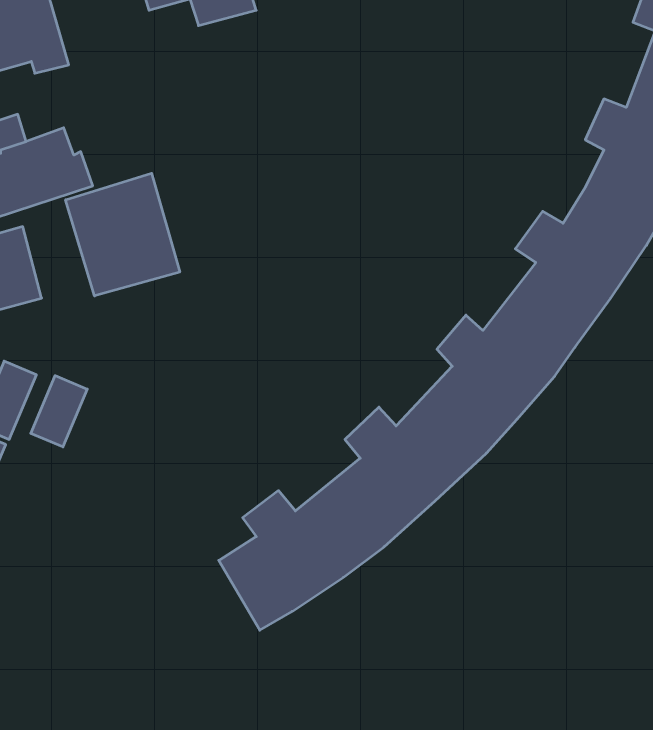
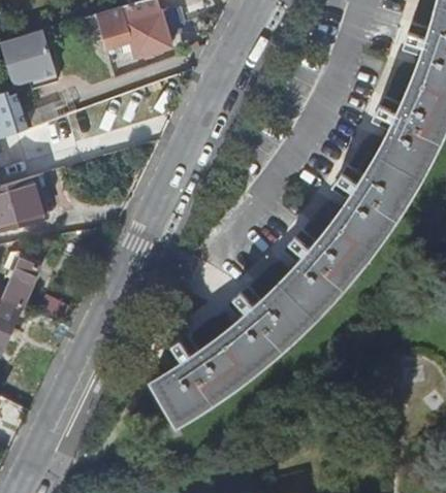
building: [66,173,180,296] -> none
building: [31,376,87,447] -> none

